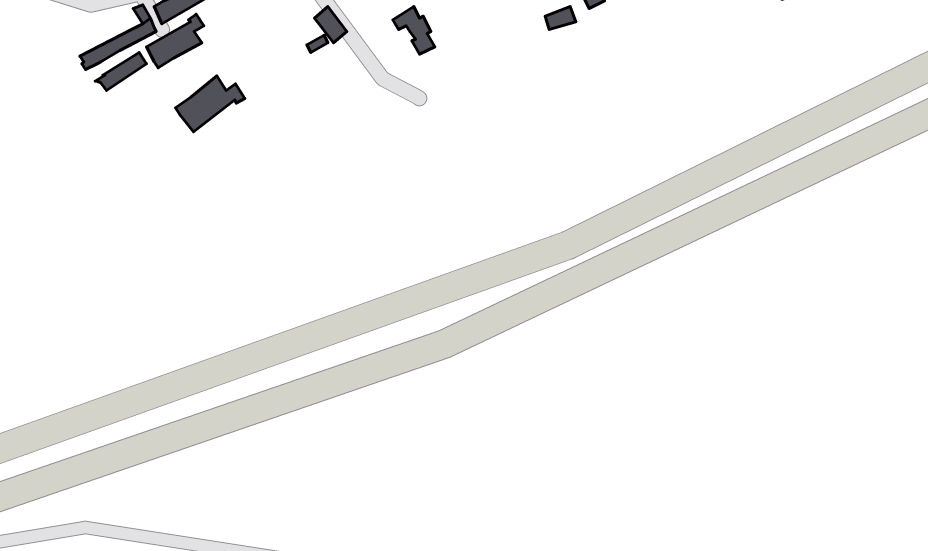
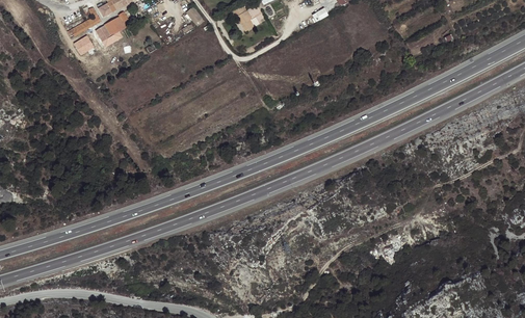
building: [175,76,245,132] -> none

